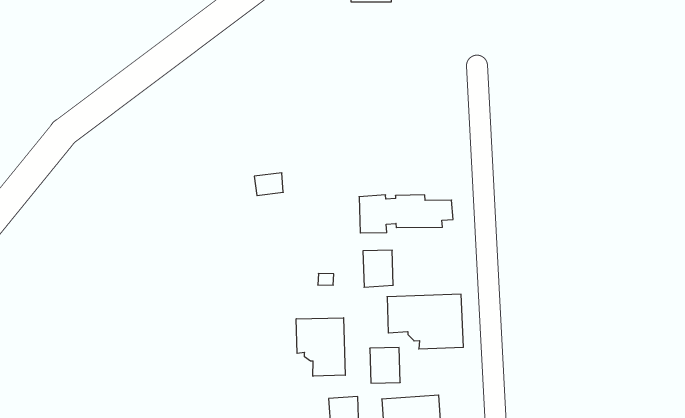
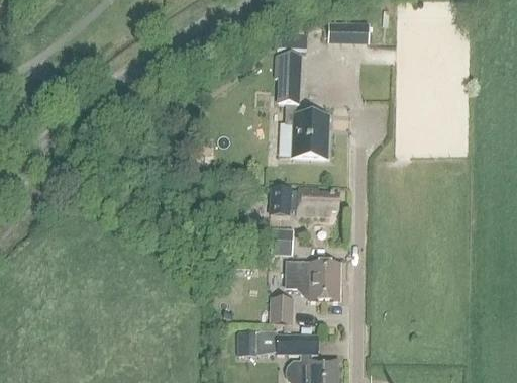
building: none -> [275,55,330,158]
building: [296,318,345,376] -> none

